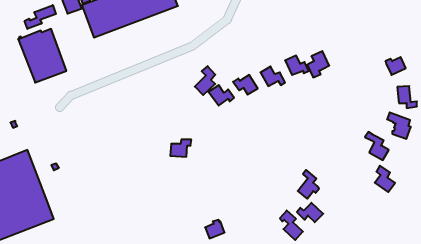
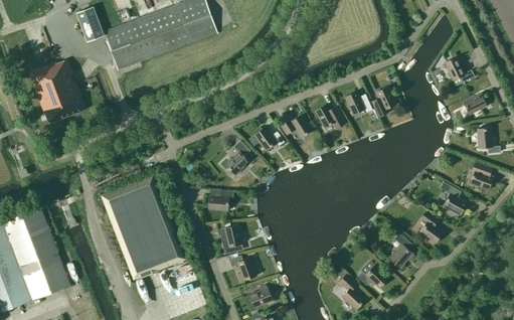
building: [25,5,56,29] -> none
building: none -> [445,55,474,82]
building: [195,66,215,95] -> [225,140,249,174]
building: none -> [101,174,186,280]
building: [375,166,395,192] -> [419,211,444,243]
building: none -> [222,224,242,254]
building: [298,170,319,199] -> [389,233,414,268]
building: none -> [229,256,256,281]

